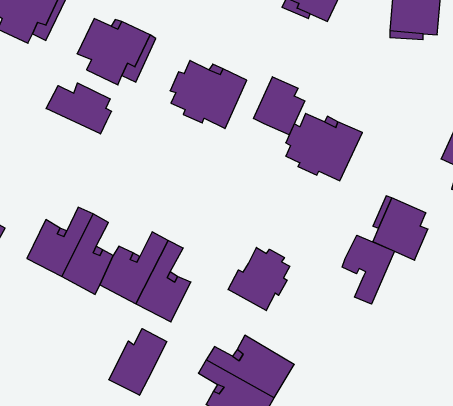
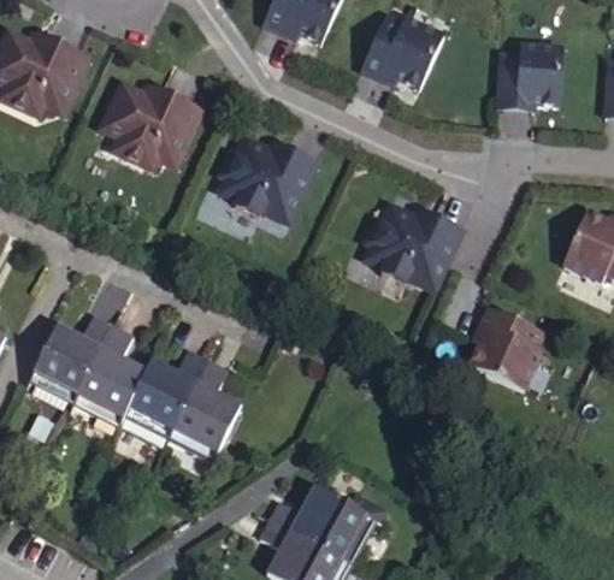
building: [254,77,305,135] -> none
building: [46,83,112,134] -> none
building: [342,235,395,304] -> none
building: [228,247,290,311] -> none
building: [109,329,167,395] -> none

